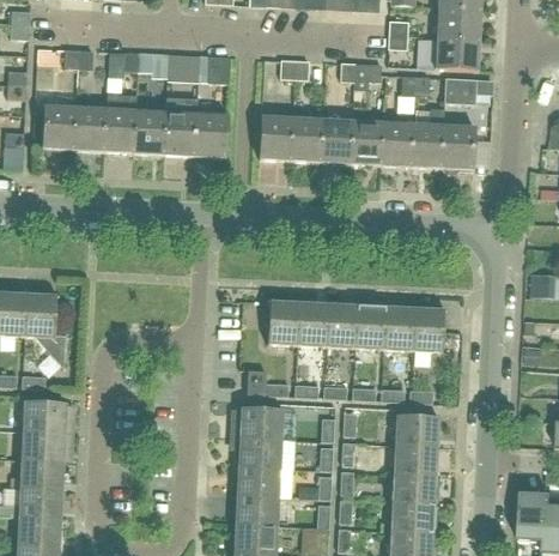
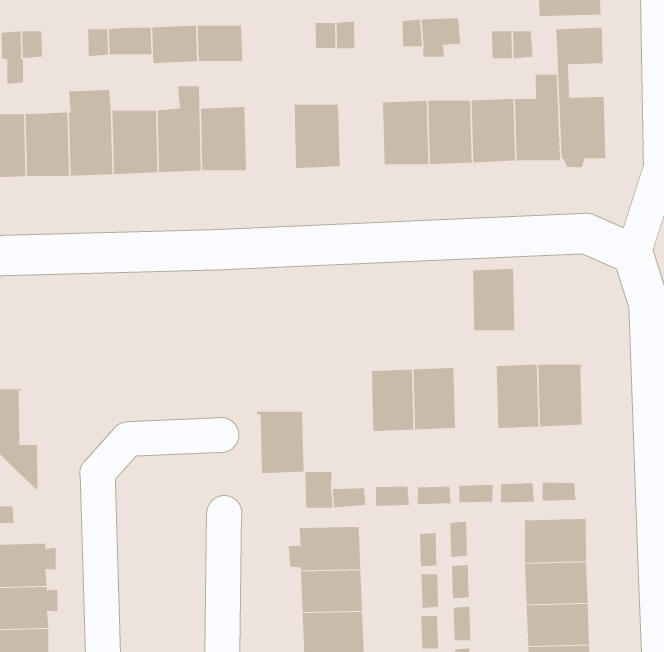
building: [290,117,322,162] -> none
building: [267,301,299,345] -> [256,411,304,474]
building: [354,306,385,350] -> [472,269,515,331]

